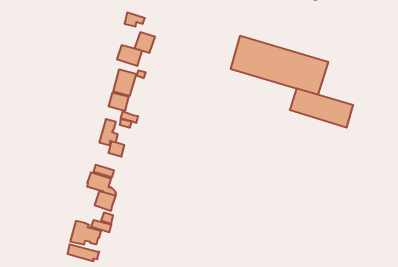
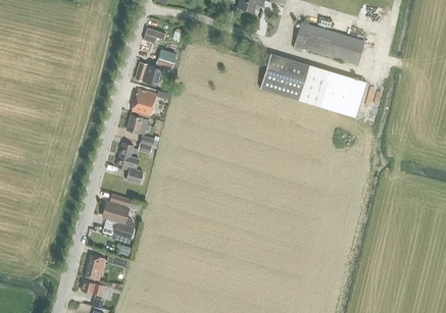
building: [290,88,353,128] -> [294,22,363,65]

